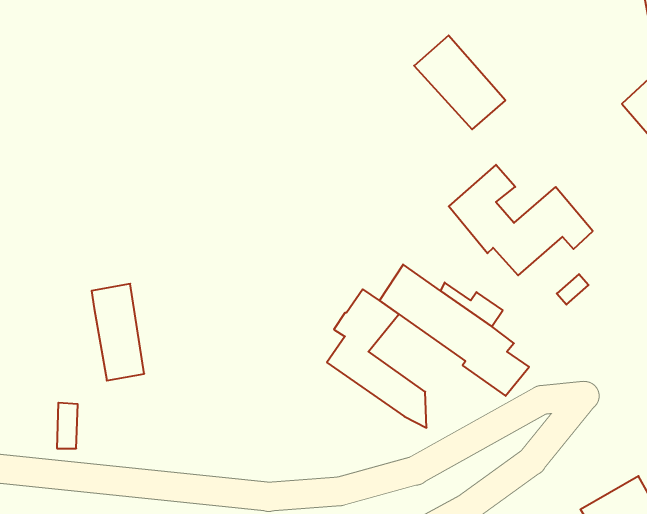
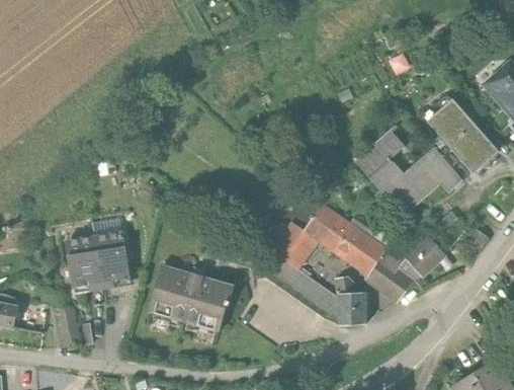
building: [414,35,505,129] -> [428,103,495,172]
building: none -> [69,237,105,294]
building: none -> [398,238,449,280]
building: none -> [151,264,235,331]
building: none -> [338,293,364,324]

